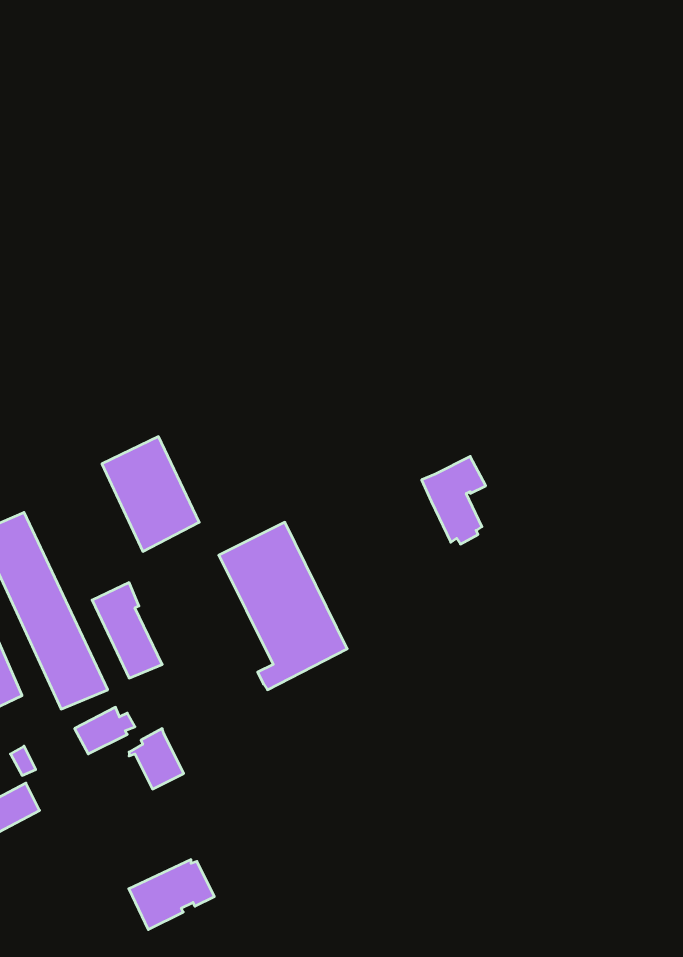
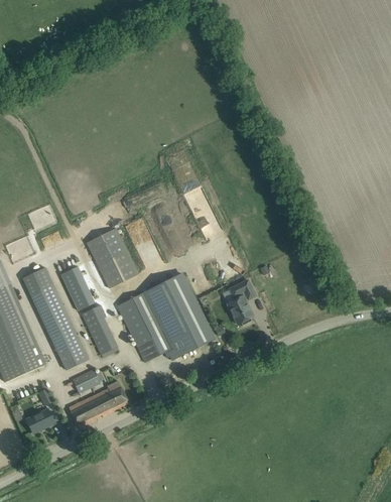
building: [422,456,486,544] -> [222,279,255,325]
building: none -> [60,265,95,310]
building: none -> [115,289,174,361]
building: [129,860,214,930] -> [68,391,112,427]

